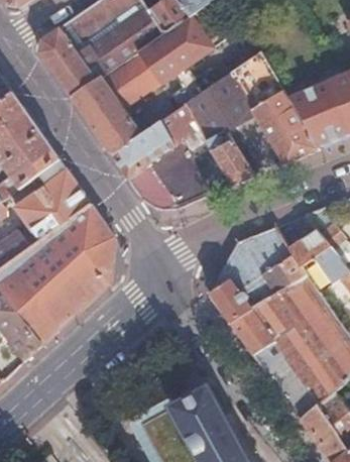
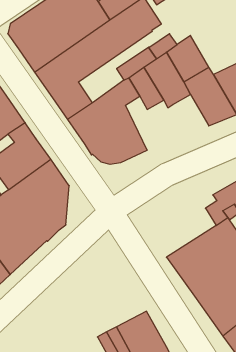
building: [208,132,253,185] -> none
building: [209,227,293,323] -> none

